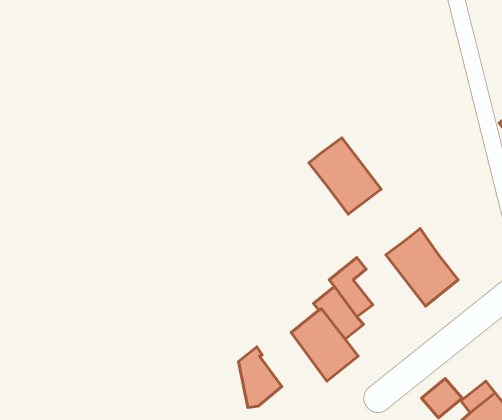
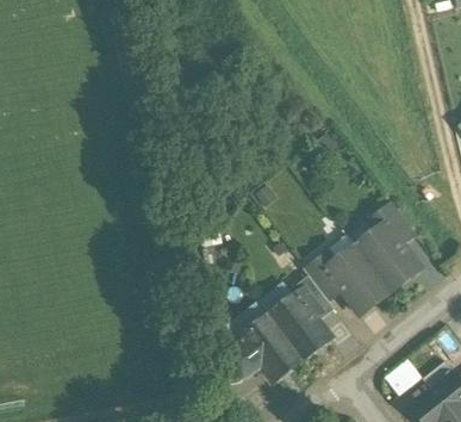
building: [309,138,381,214] -> [325,244,391,314]
building: none -> [366,200,417,244]
building: none -> [241,315,301,380]

